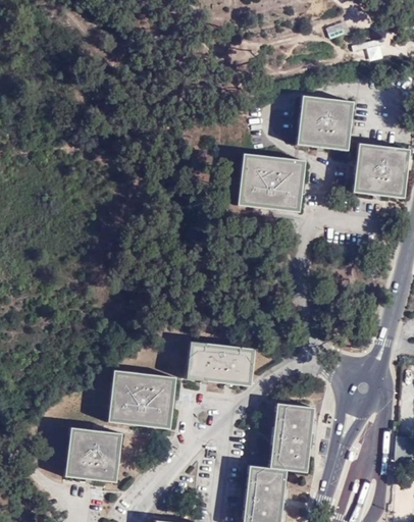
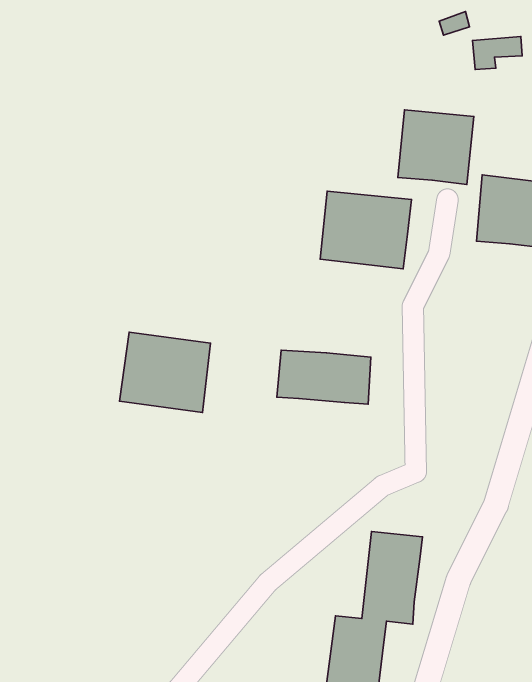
building: [188,343,257,382] -> [277,350,371,404]
building: [108,370,175,429] -> [119,332,211,412]
building: [64,427,121,482] -> none

